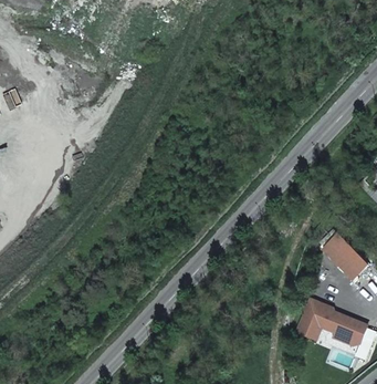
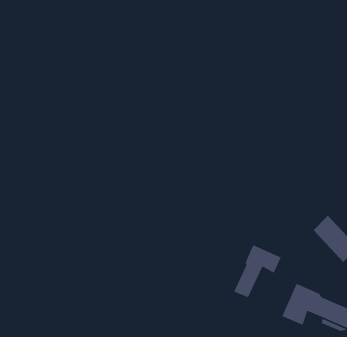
building: none -> [233,244,282,298]

